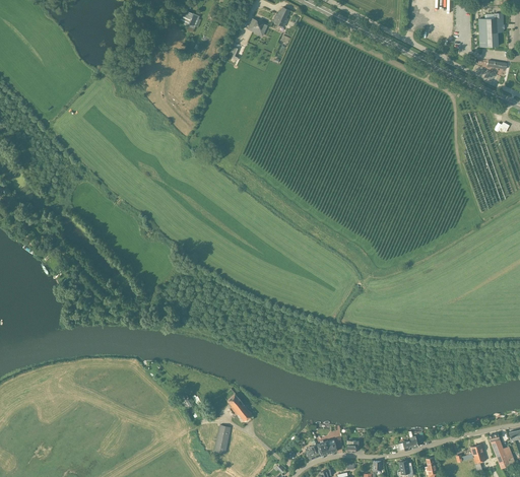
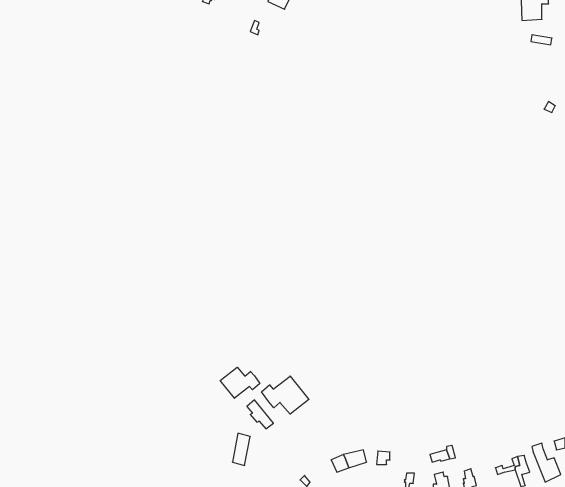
building: none -> [220,367,260,398]
building: none -> [262,376,309,414]

